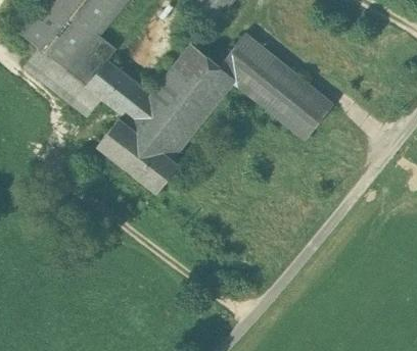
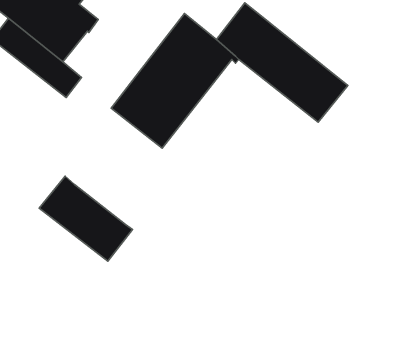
building: [87,58,152,120] -> none
building: [98,117,179,191] -> [39,176,133,261]

